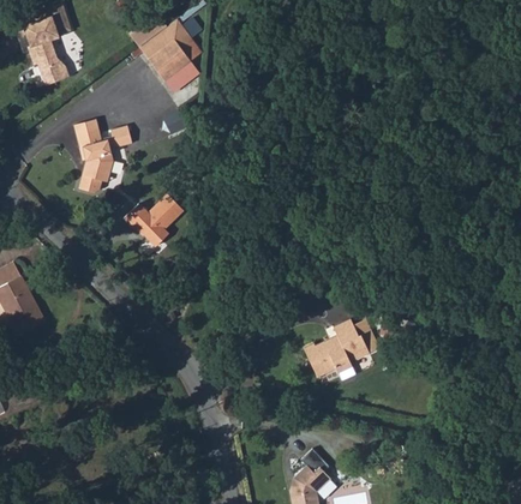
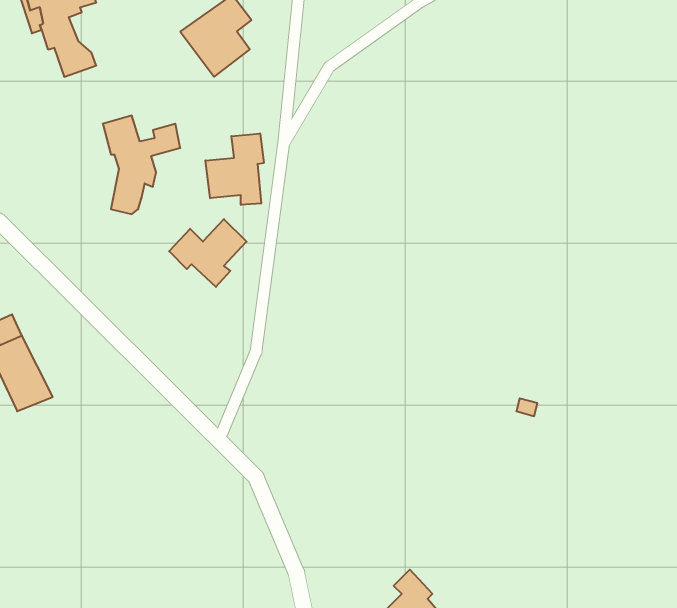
building: none -> [205,133,264,205]
building: [303,325,367,378] -> none

